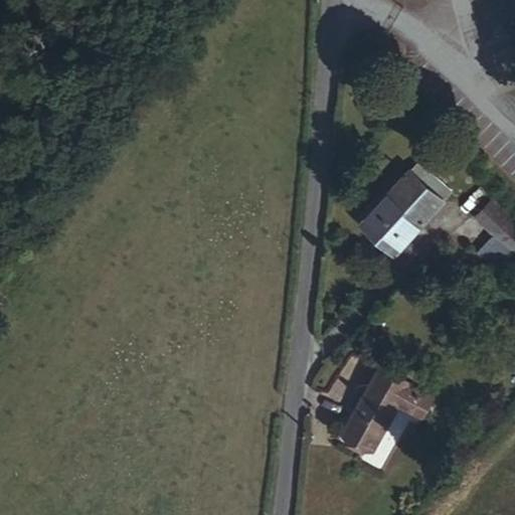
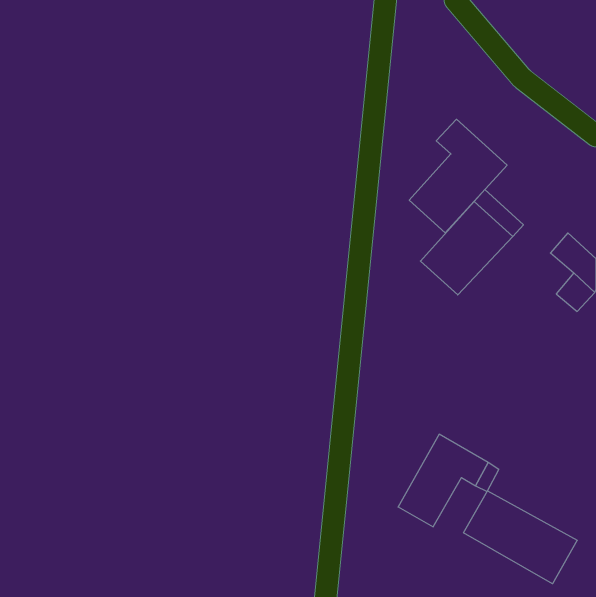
building: none -> [409,119,507,233]
building: none -> [464,491,577,584]

